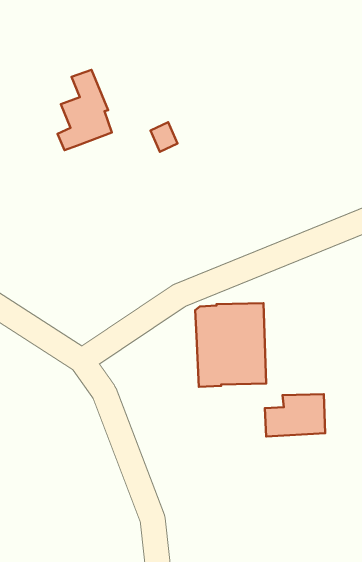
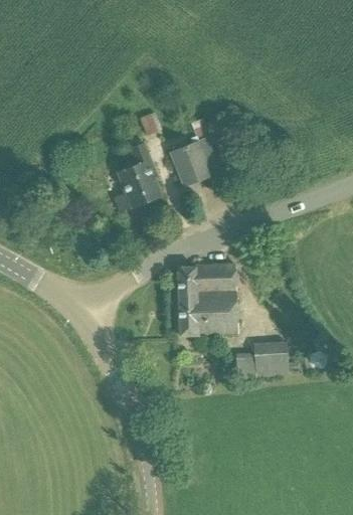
building: [57,70,112,150] -> [115,143,161,211]
building: none -> [170,118,226,186]

